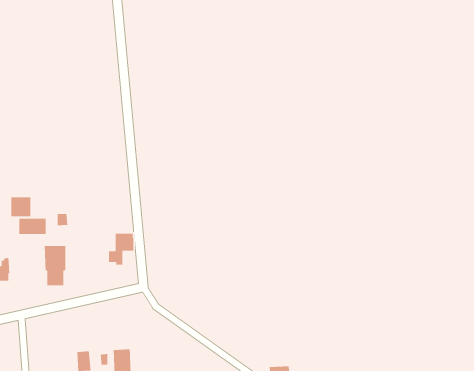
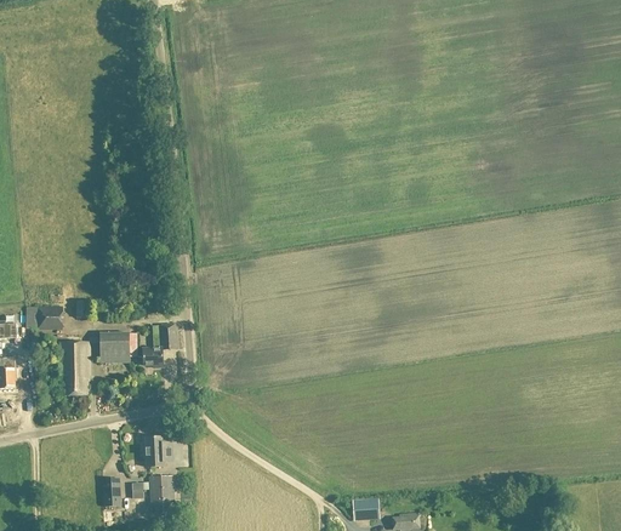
building: [10,197,31,217] -> none
building: none -> [101,331,139,361]
building: none -> [144,435,175,467]

